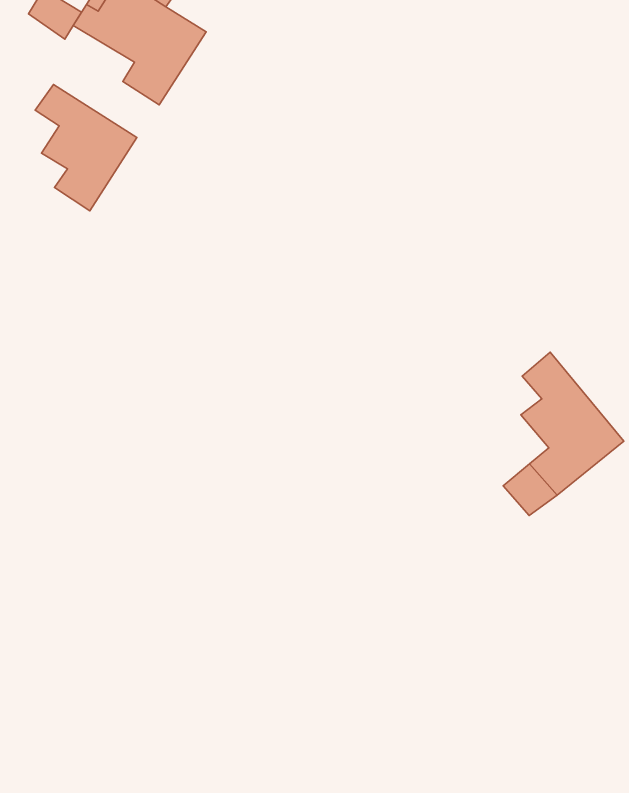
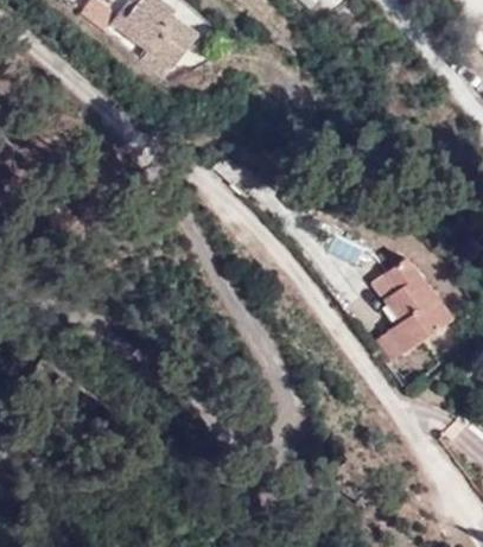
building: [35,85,137,211] -> none

